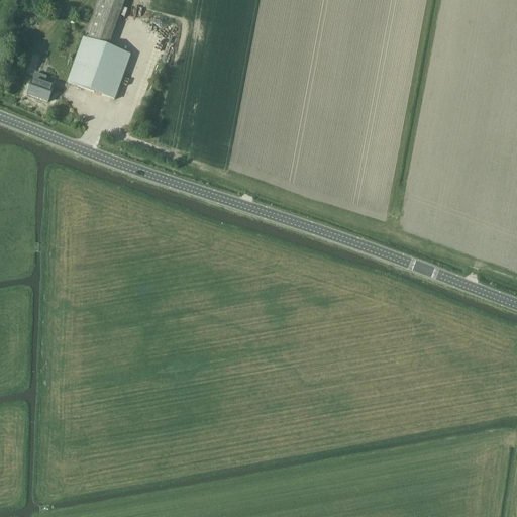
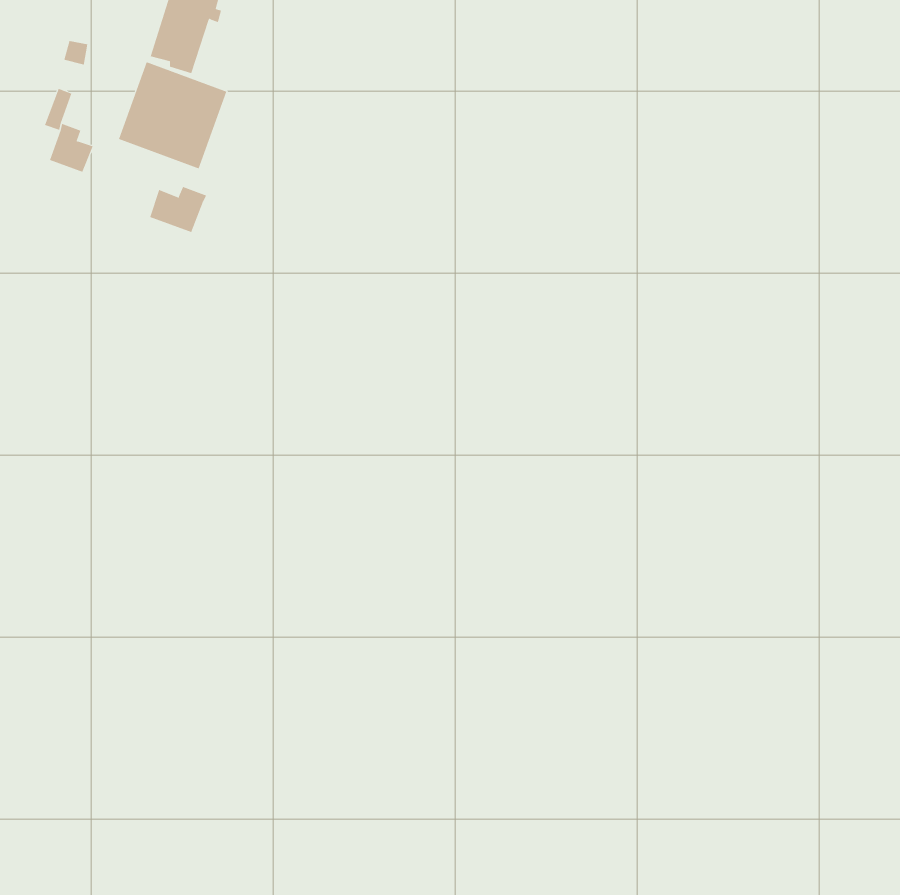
building: none -> [149,186,207,233]

